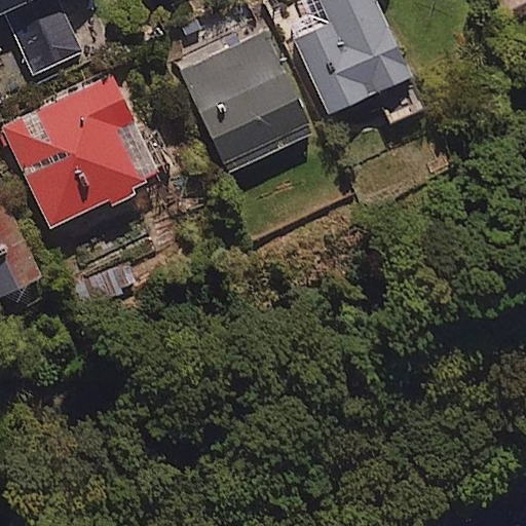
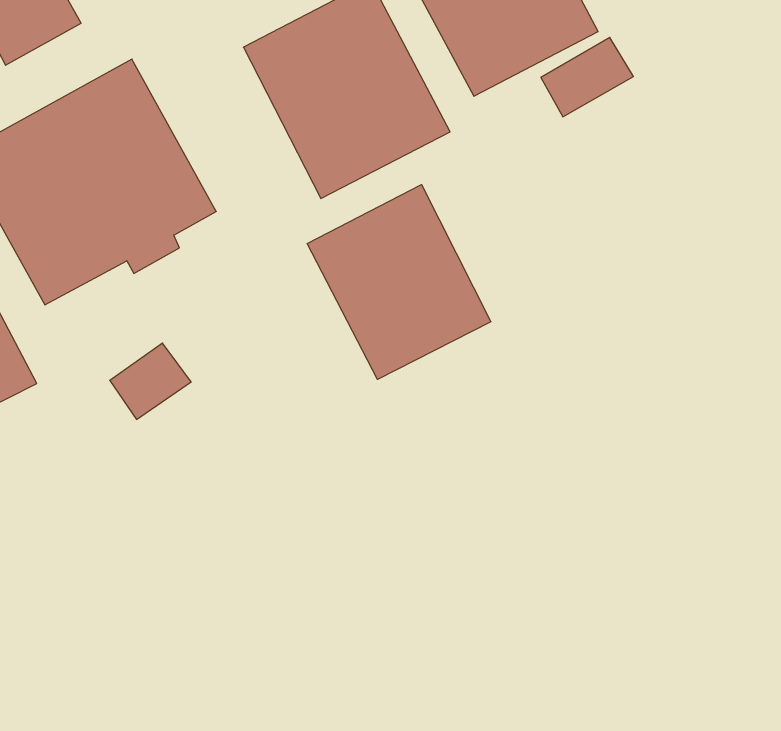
building: none -> [307,185,491,379]

